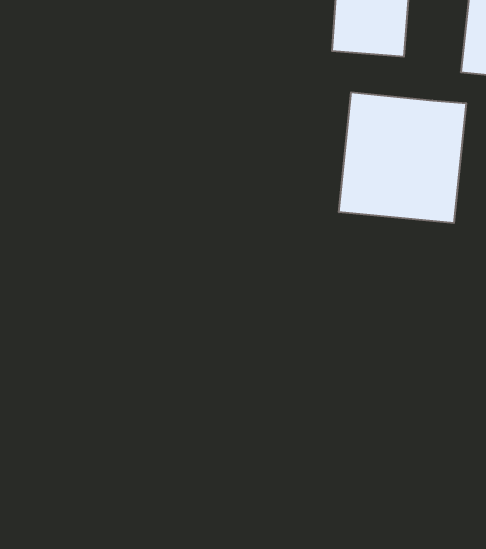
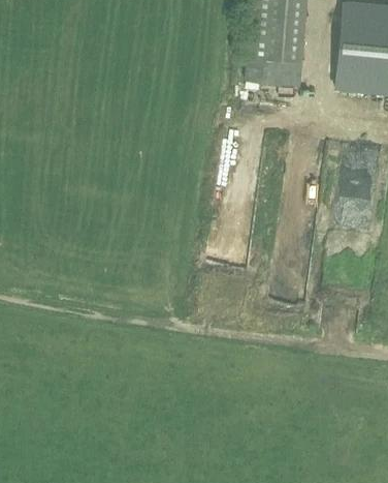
building: [339,92,466,223] -> none

